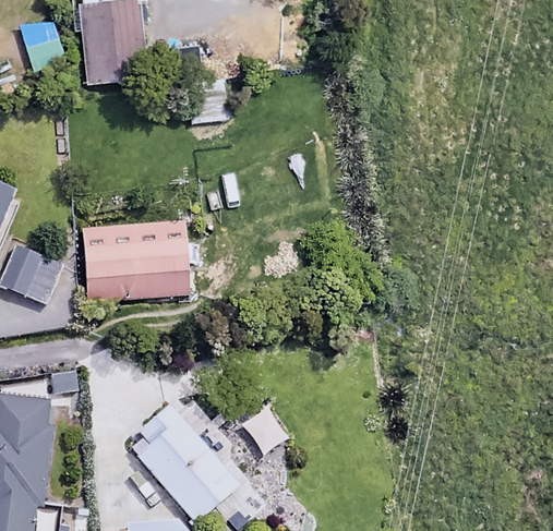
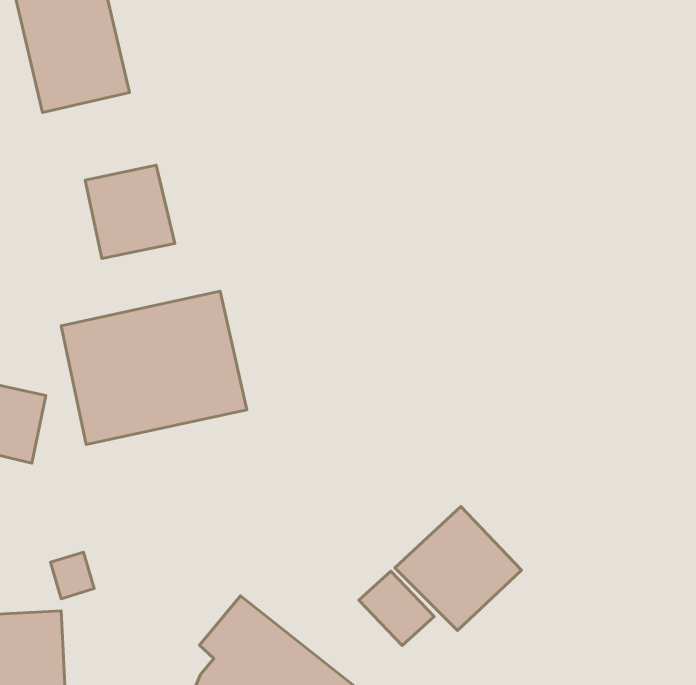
building: none -> [85,165,175,258]
building: none -> [395,506,521,630]

